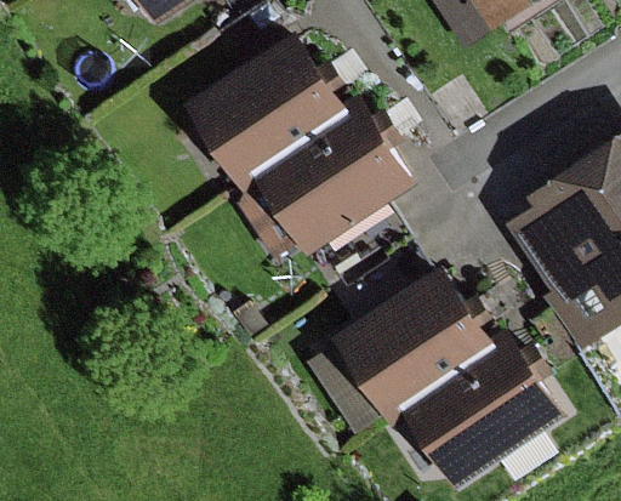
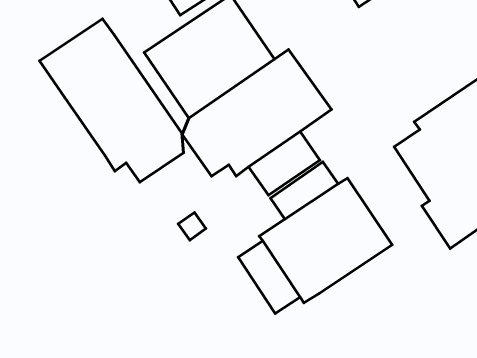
building: none -> [40,19,184,182]
building: [409,338,565,484] -> none

